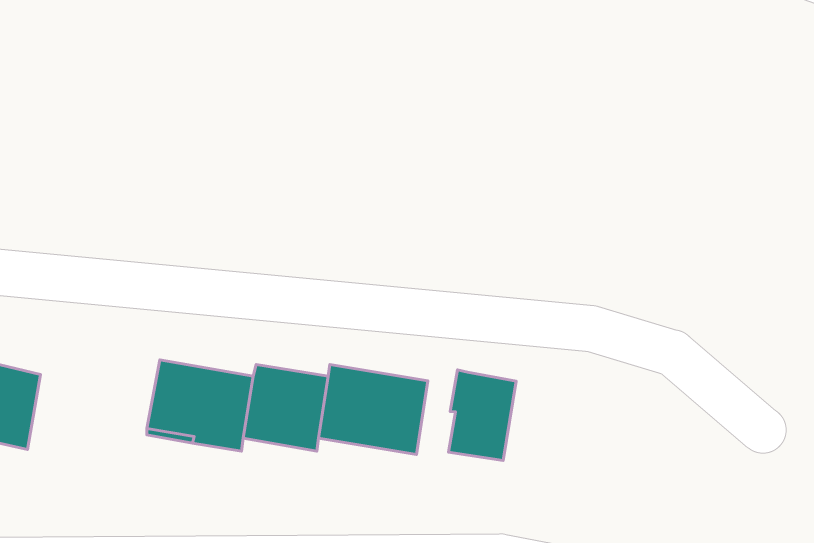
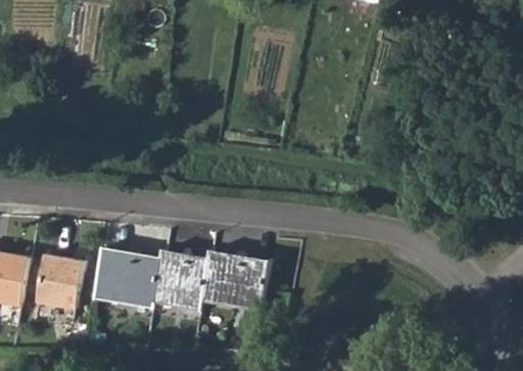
building: none -> [33,253,82,310]
building: [449,370,516,460] -> none

